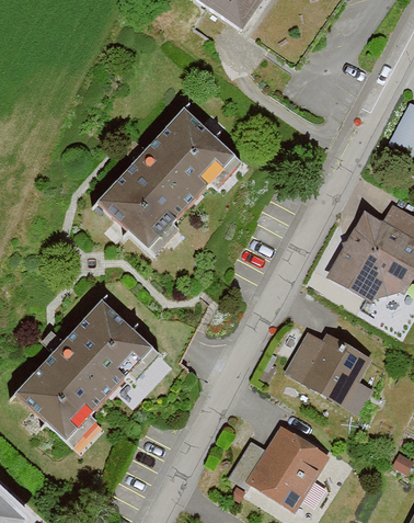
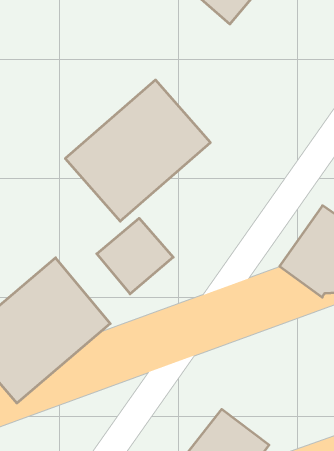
building: none -> [97,218,173,294]
building: [281,328,379,422] -> none

